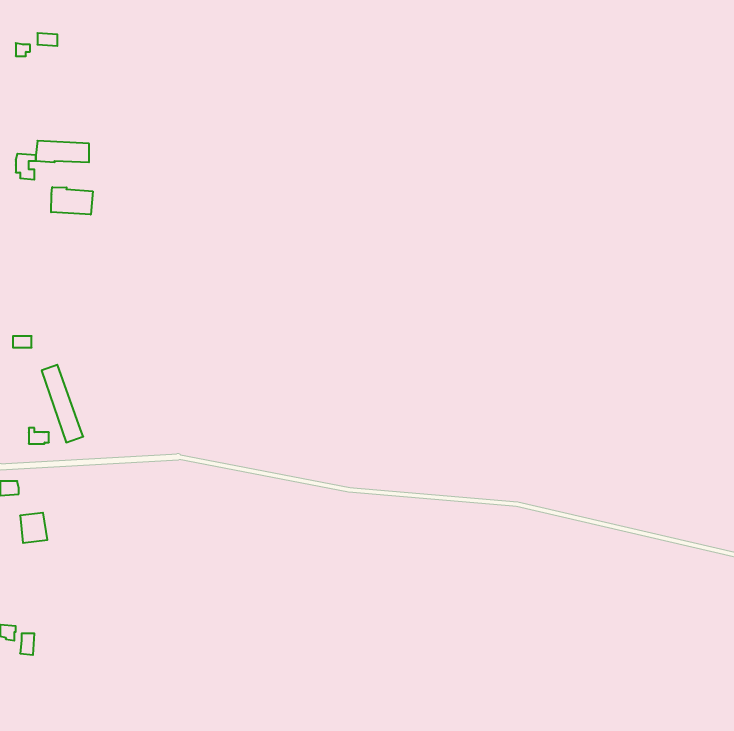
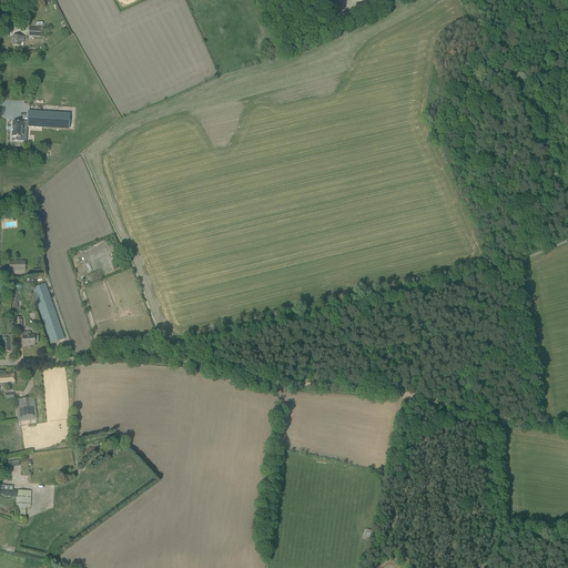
building: [51,187,93,215] -> none

